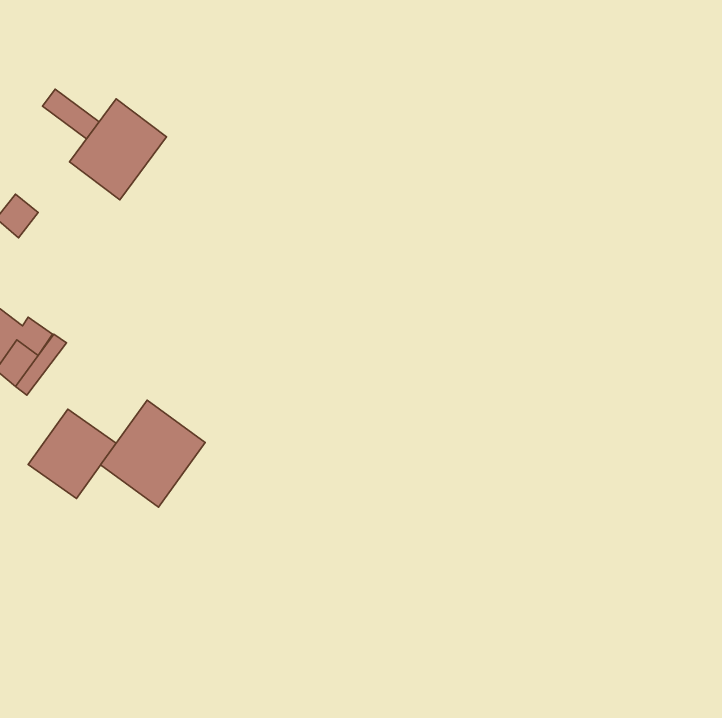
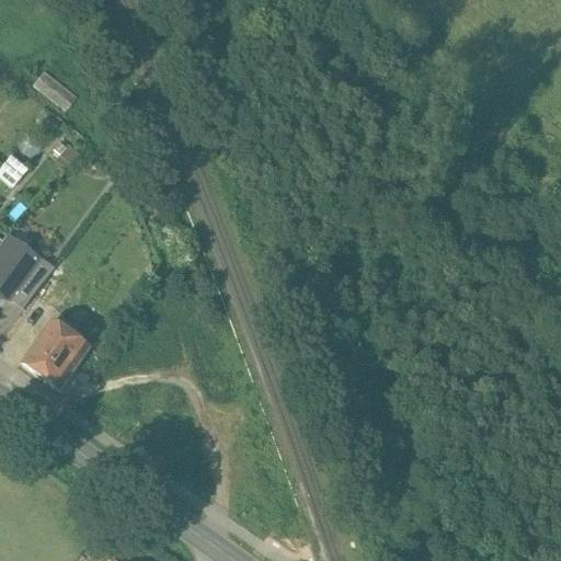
building: [69,99,167,200] -> none
building: [101,400,205,507] -> none

